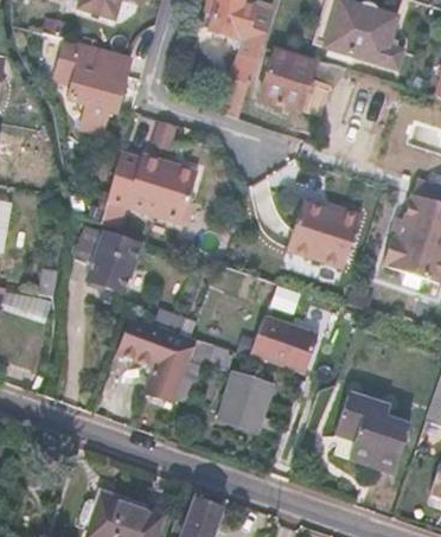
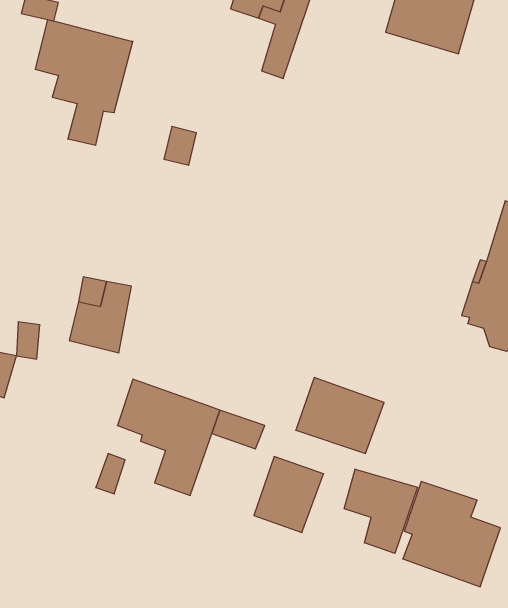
building: [256,51,311,113] -> none
building: [109,147,199,228] -> none
building: [282,204,358,273] -> none
building: none -> [344,469,418,553]

